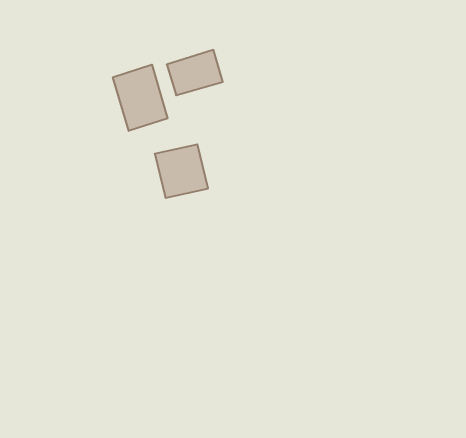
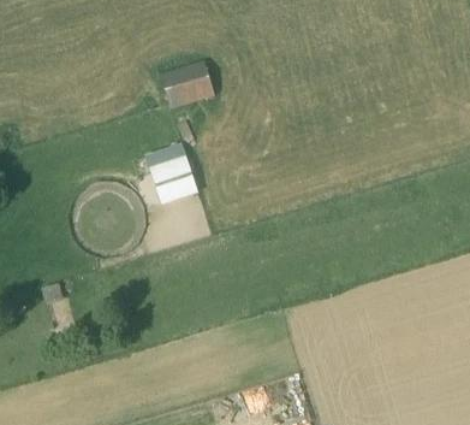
building: [113,65,168,131] -> none

